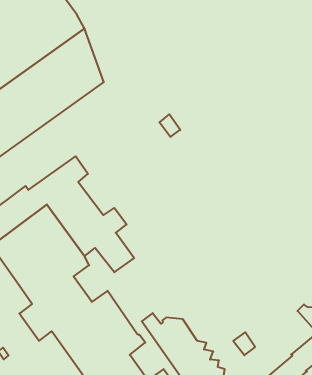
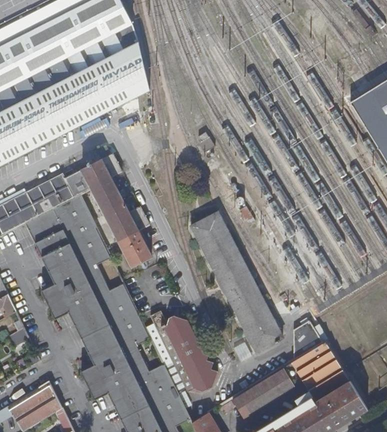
building: none -> [192,214,283,352]

